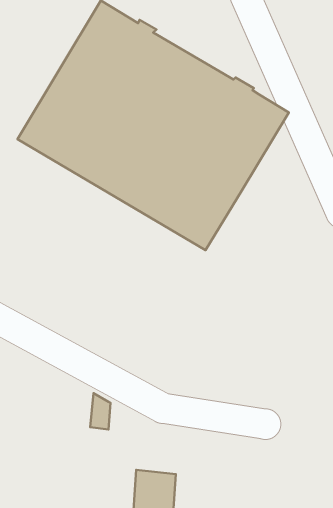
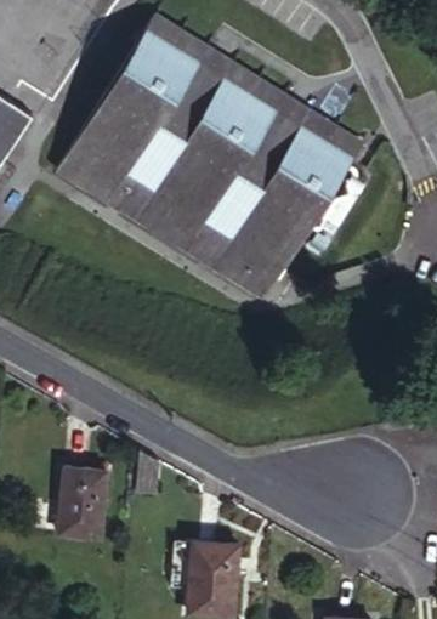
building: none -> [56,467,110,552]

